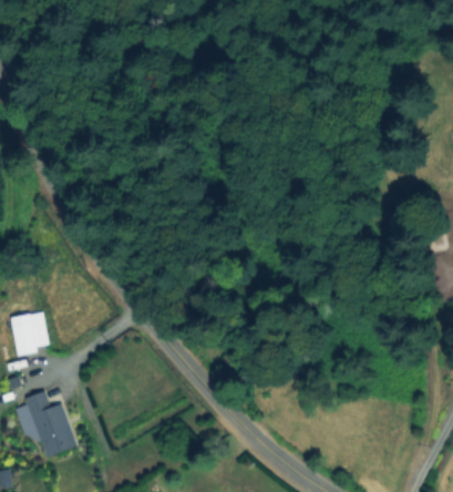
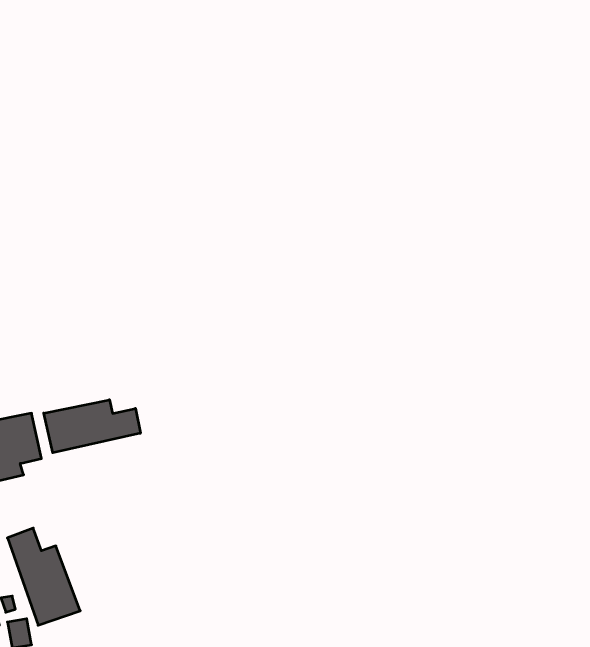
building: none -> [44,400,140,453]

